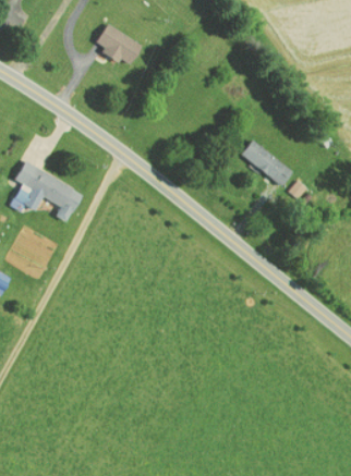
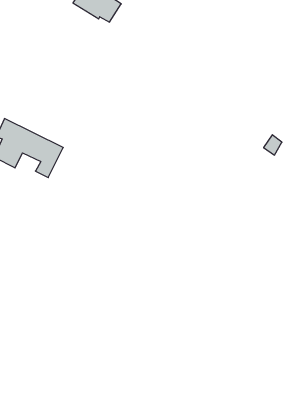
building: [241,139,292,186] -> none

